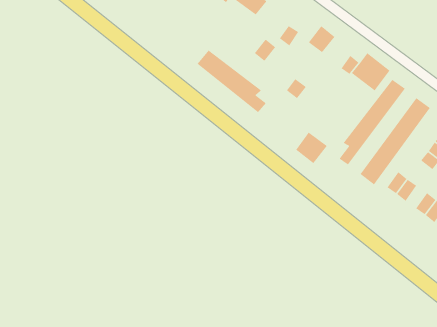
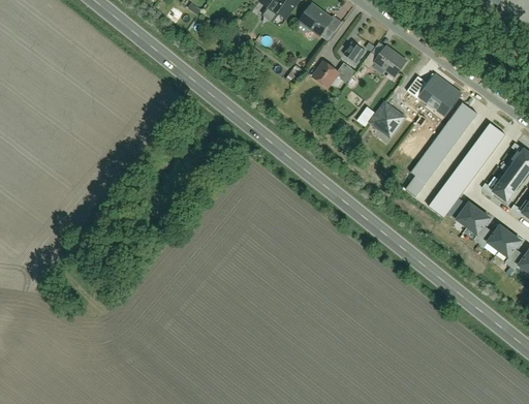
building: [197,50,267,113] -> none
building: [295,131,328,164] -> [370,102,405,137]

